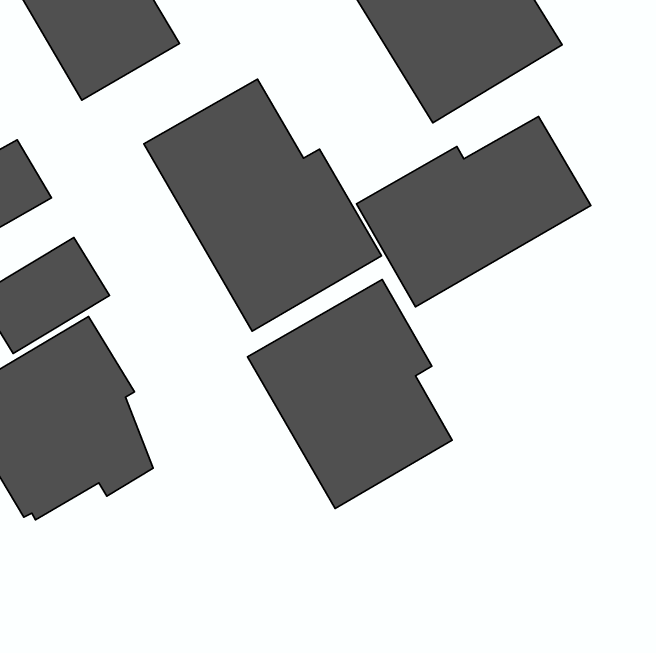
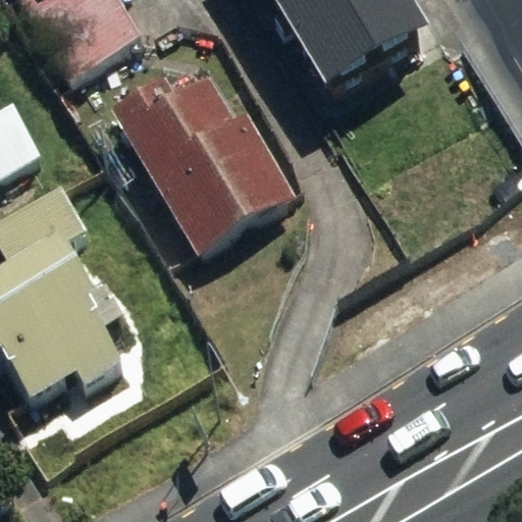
building: [357,116,591,307] -> none
building: [247,280,452,508] -> none

